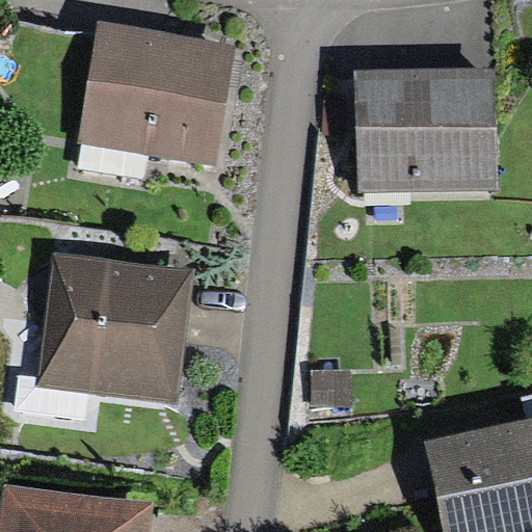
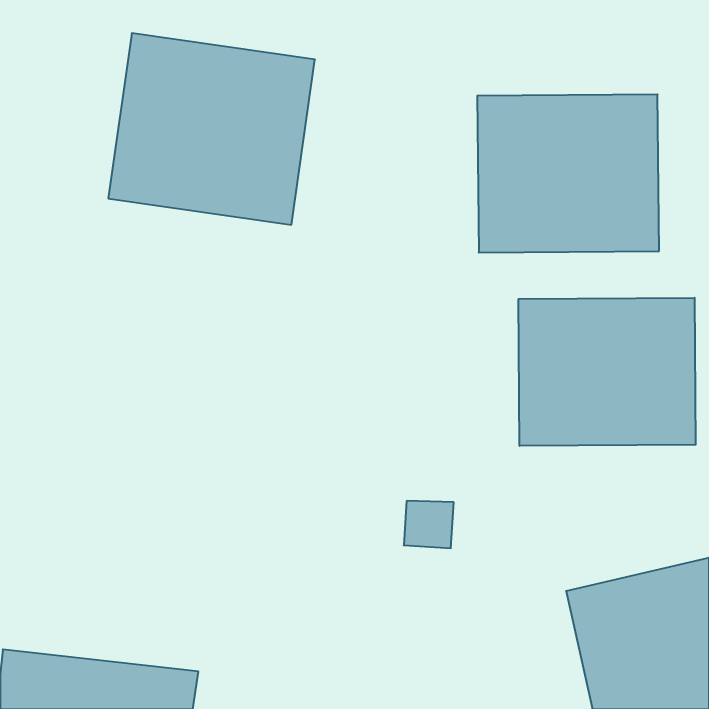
building: none -> [519,298,696,446]
building: [39,257,187,402] -> none

